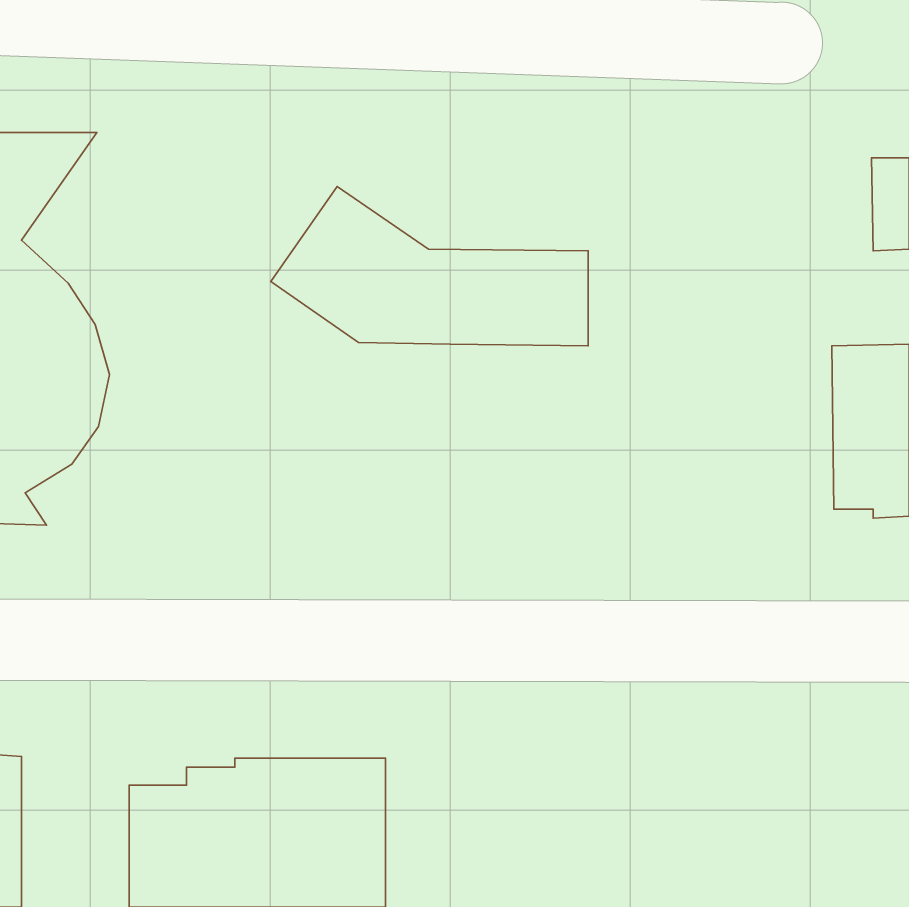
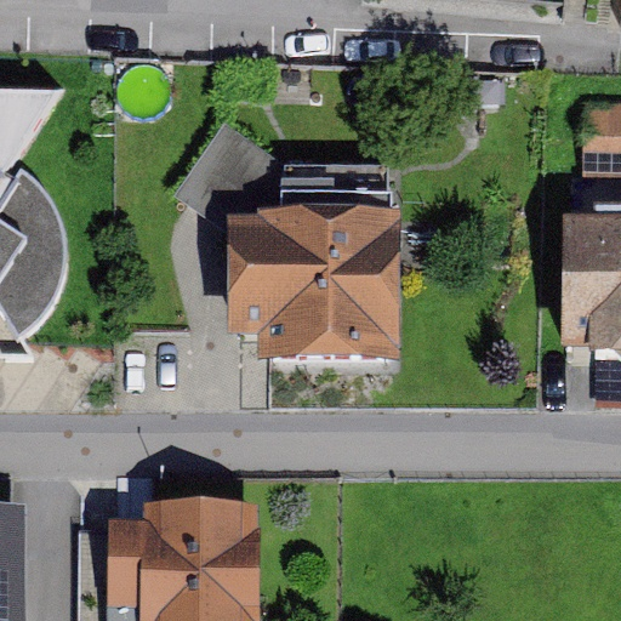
building: none -> [241,232,398,361]

